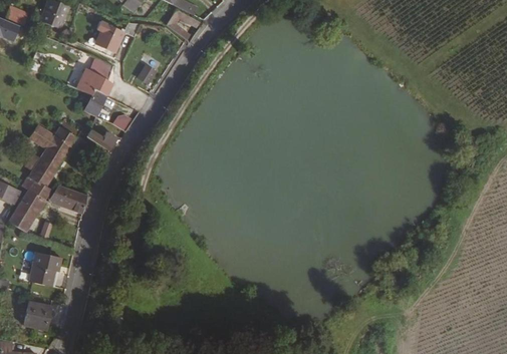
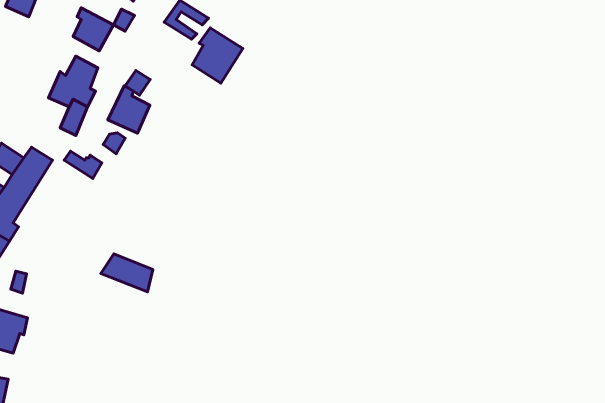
building: none -> [192,28,243,83]
building: none -> [108,86,150,133]
building: [47,185,87,214] -> [101,254,153,292]

